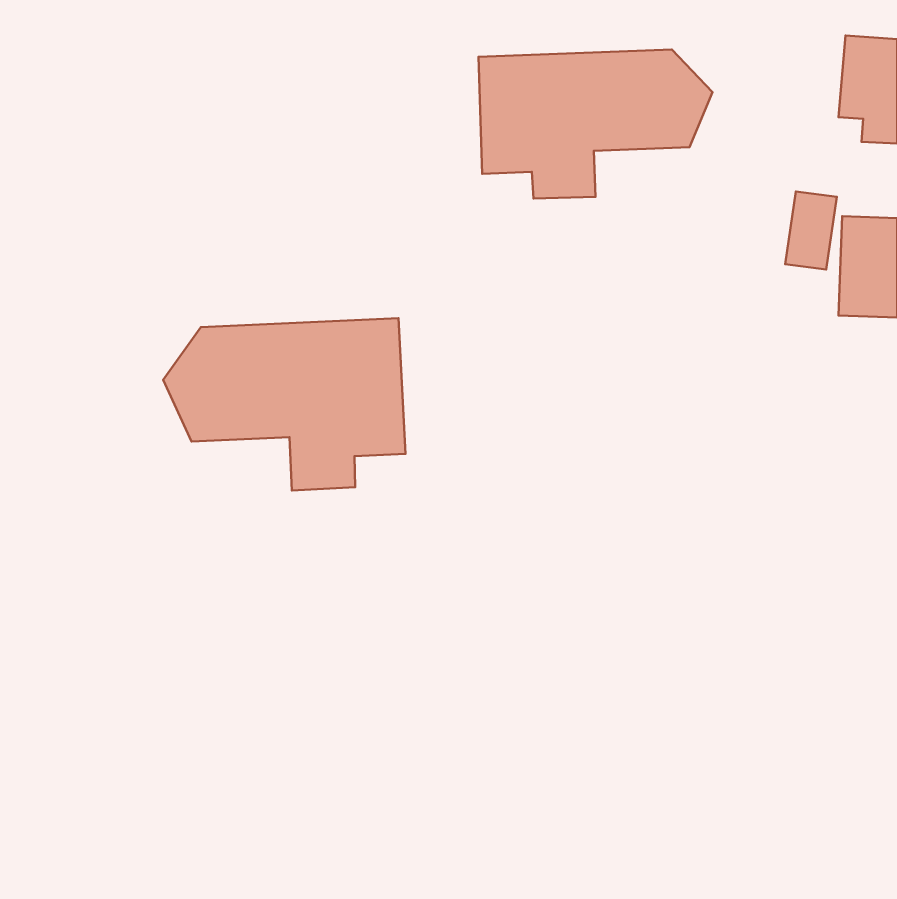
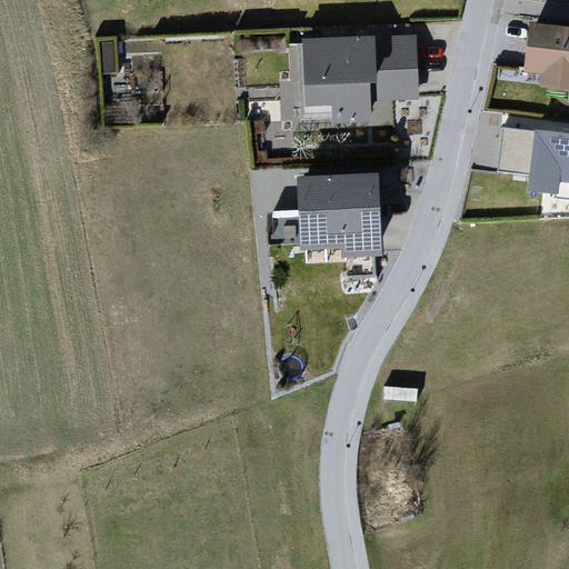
building: none -> [296,173,383,260]
building: [163,318,405,490] -> none

